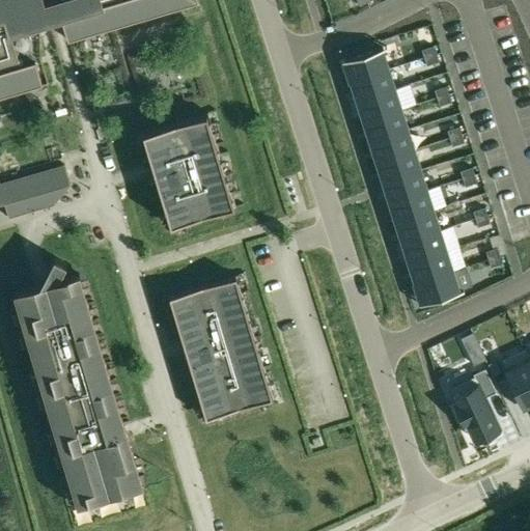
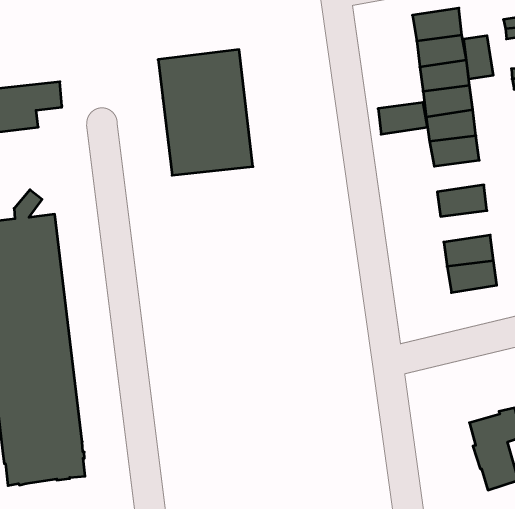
building: none -> [464,36,493,79]
building: [383,172,426,204] -> [378,102,428,134]
building: [395,213,439,245] -> none
building: [415,273,458,306] -> none
building: [167,278,272,421] -> none

